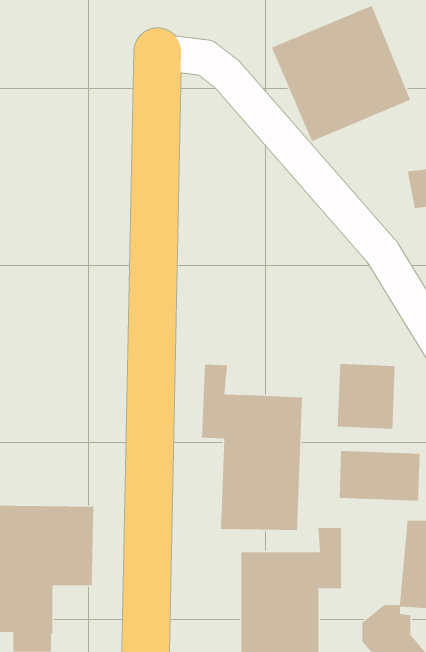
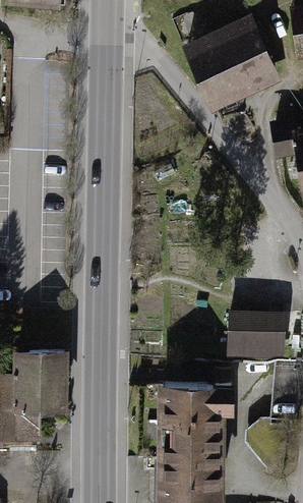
building: [337,363,396,430] -> none
building: [201,364,303,531] -> none

